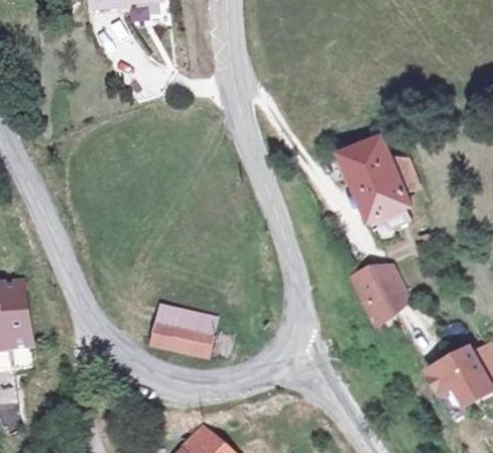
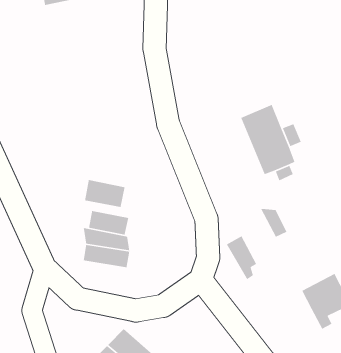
building: none -> [84,179,126,208]
building: [350,270,389,327] -> [226,235,257,280]
building: none -> [88,210,129,235]

